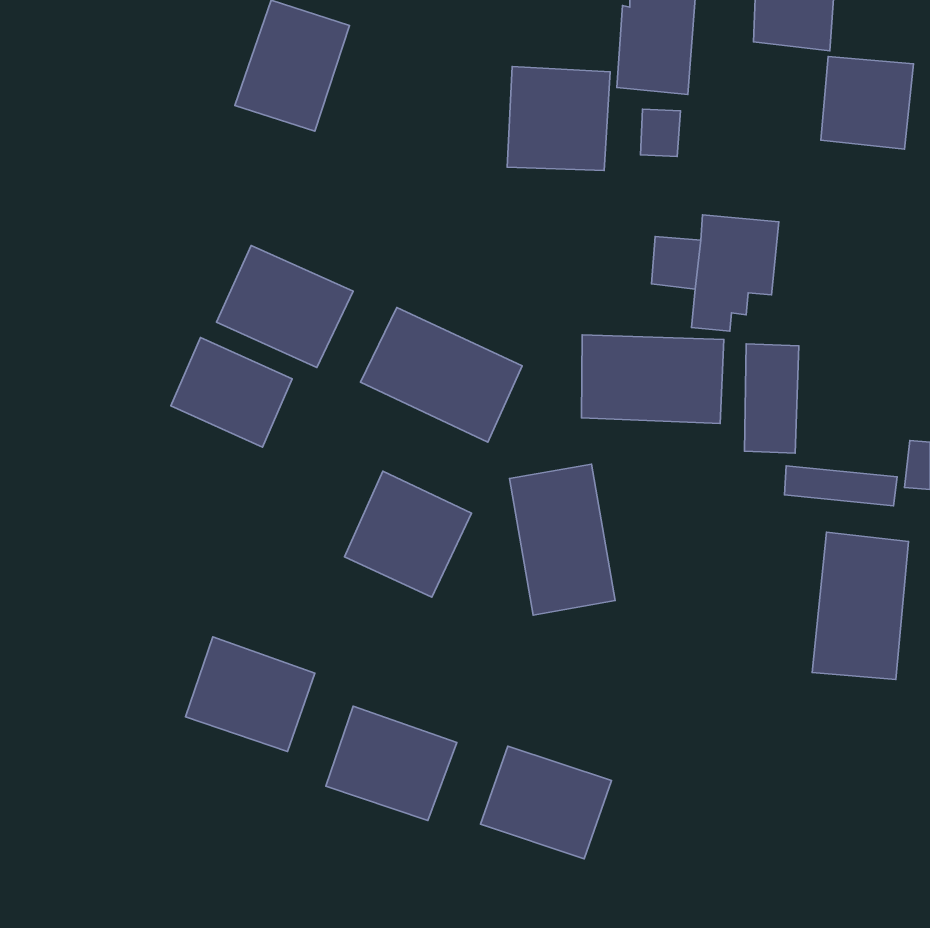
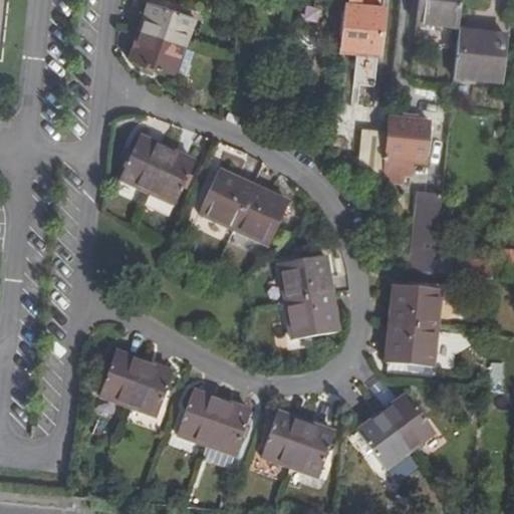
building: [507,66,610,170] -> none
building: [581,335,724,424] -> none
building: [171,337,292,447] -> none
building: [344,471,472,597] -> none
building: [812,532,909,680] -> [387,285,440,366]
building: none -> [360,394,437,467]

